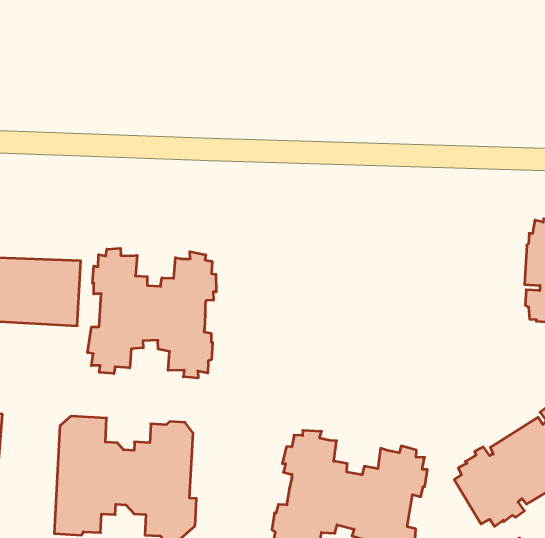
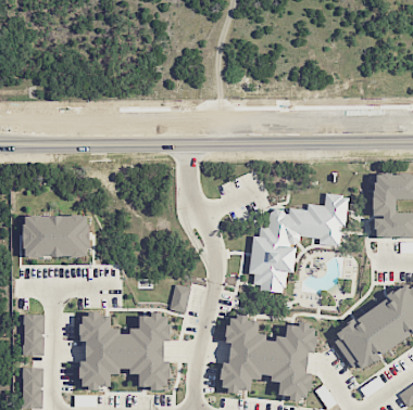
building: none -> [247,192,348,293]
building: [88,248,216,378] -> none
building: none -> [168,284,190,312]

